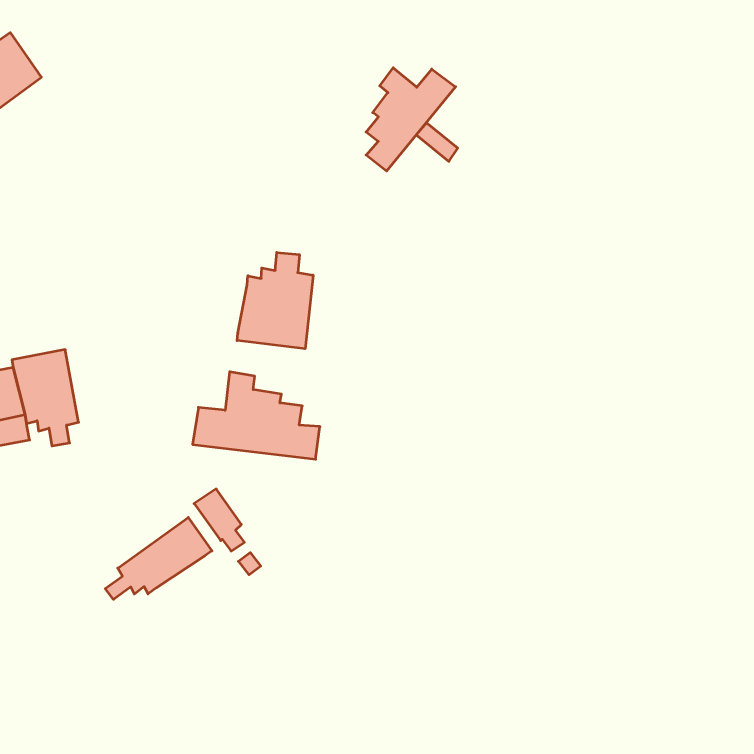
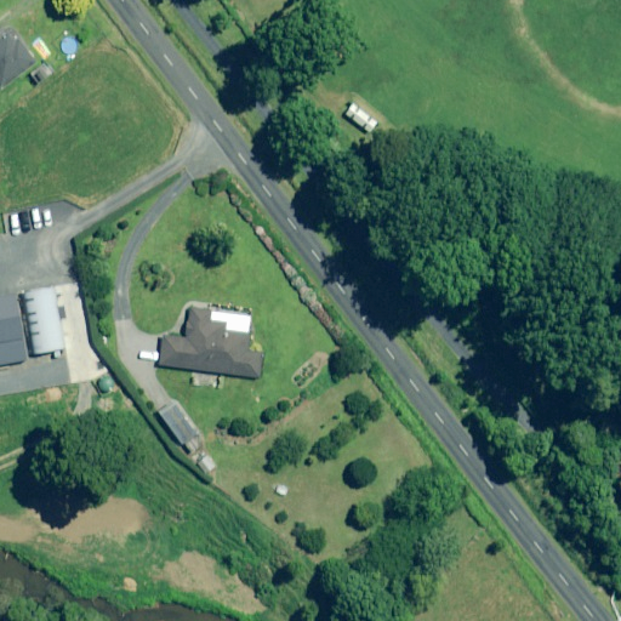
building: [366,68,456,171] -> none
building: [237,252,313,349] -> none
building: [105,517,212,599] -> none

